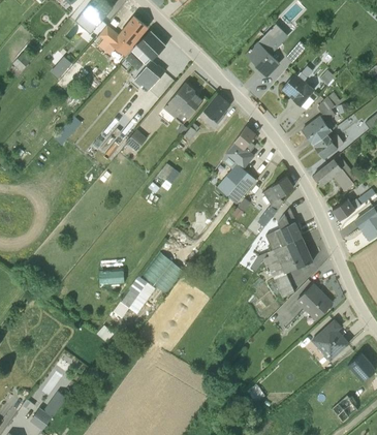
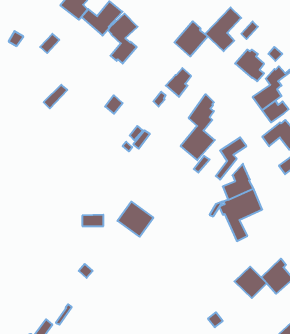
building: [163,83,202,124] -> [174,21,208,56]
building: [113,277,155,317] -> none
building: [294,283,333,320] -> [234,267,267,298]

